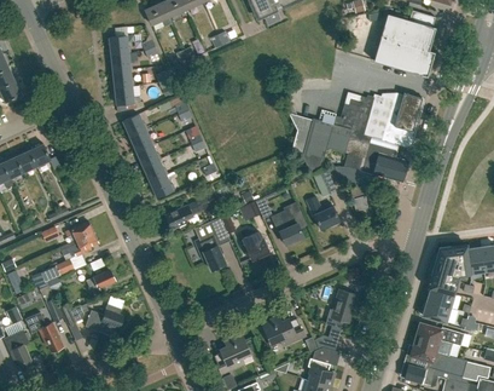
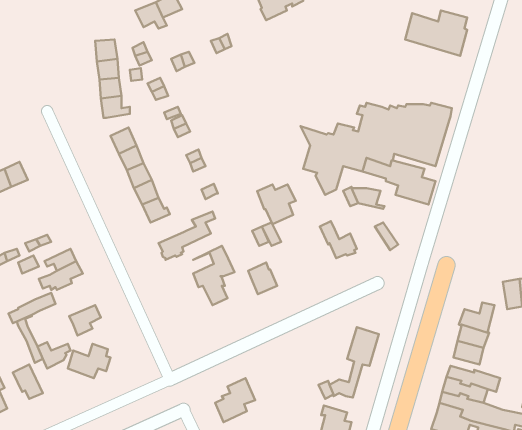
building: [373,36,434,76] -> none
building: [272,211,306,246] -> [257,184,296,224]
building: [432,245,470,277] -> none
building: [262,317,303,345] -> none

